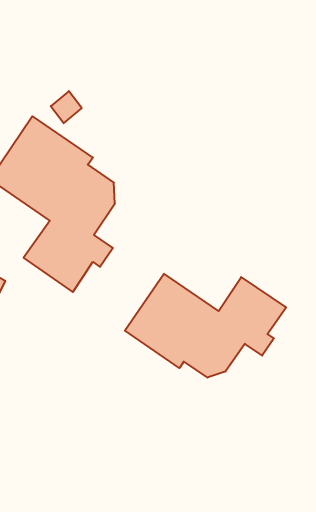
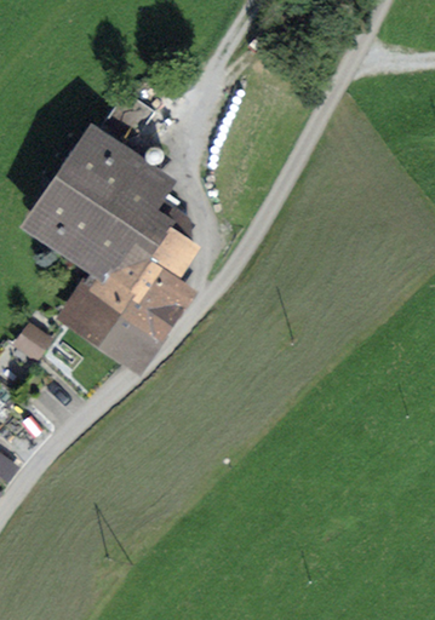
building: [125,274,286,378] -> none

